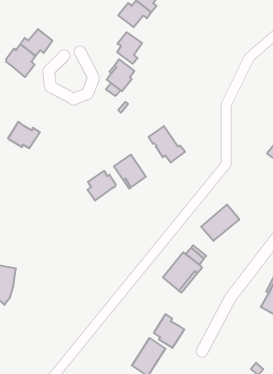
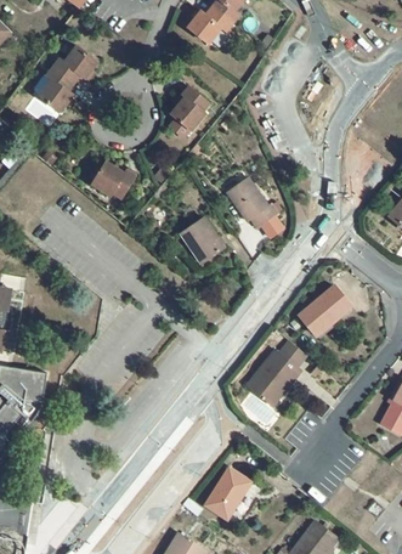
building: [117,32,142,64] -> none
building: [8,122,40,148] -> [91,160,135,197]
building: [87,171,116,201] -> none
building: [154,314,184,348] -> none

